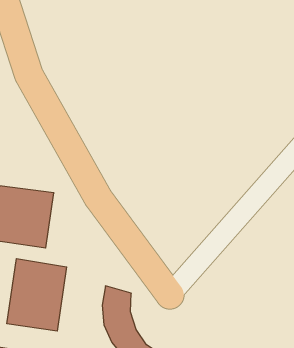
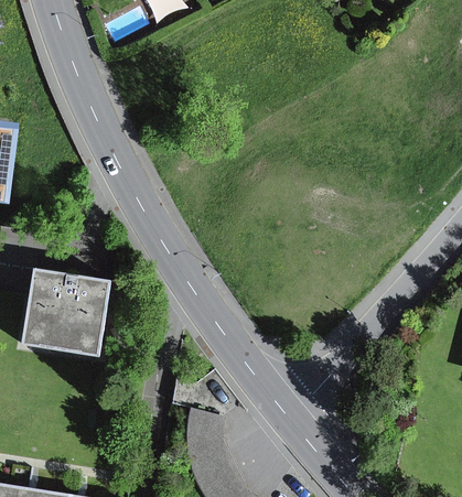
building: [7,259,67,331] -> none

